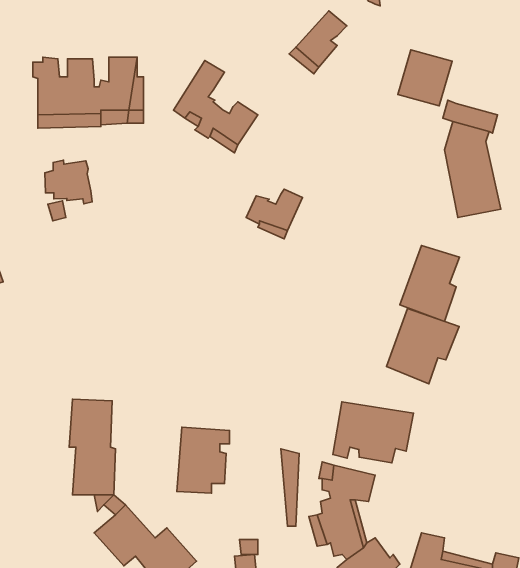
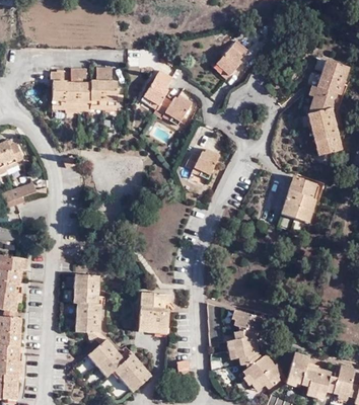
building: [398,50,452,106] -> [312,63,346,97]
building: [45,160,92,204] -> none
building: [387,308,459,384] -> none
building: [333,402,413,463] -> none

